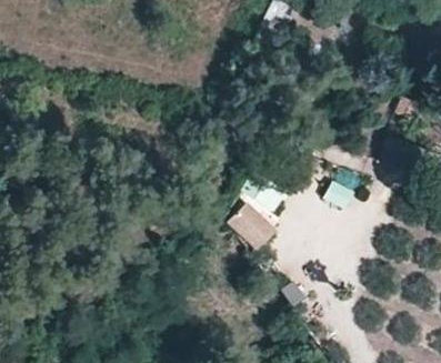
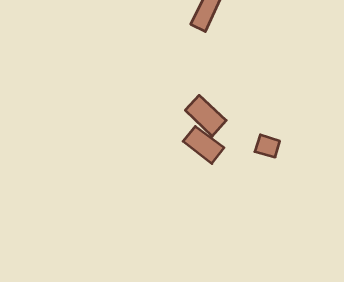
building: [228,203,277,252] -> [185,95,226,136]

